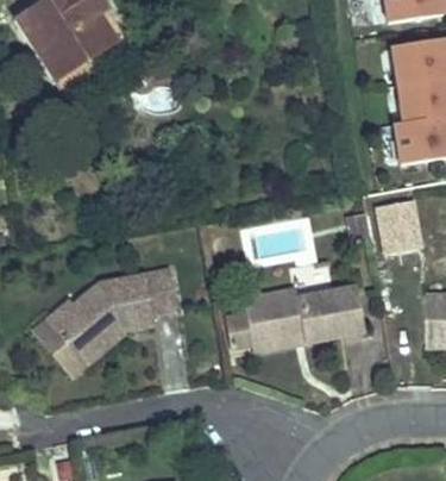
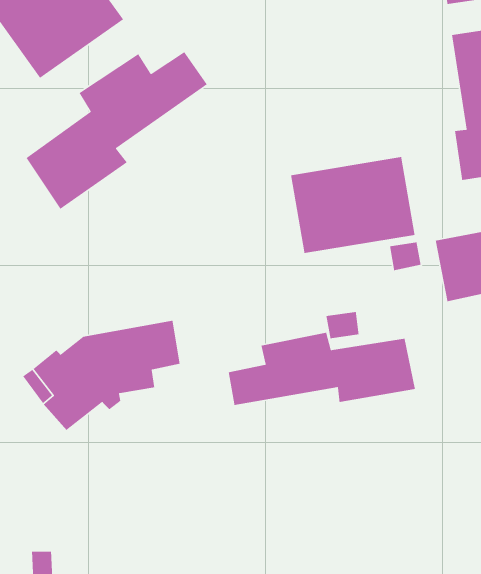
building: none -> [25,51,208,210]
building: none -> [290,156,416,254]

